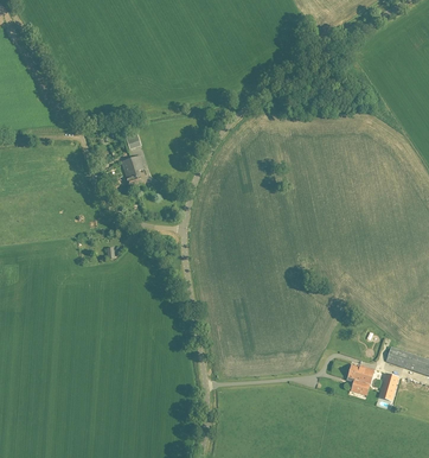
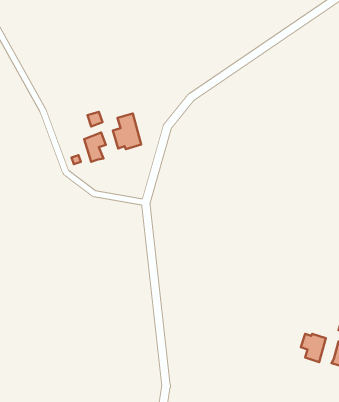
building: none -> [113,113,141,149]

